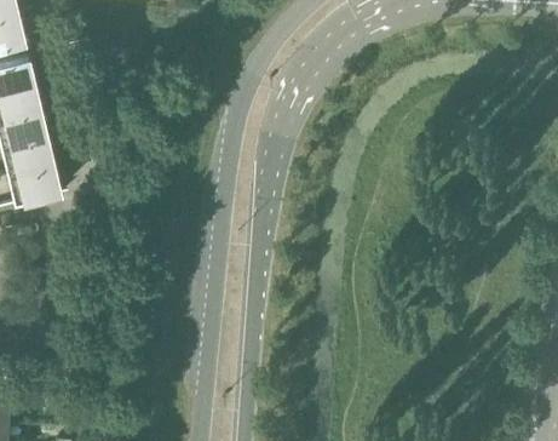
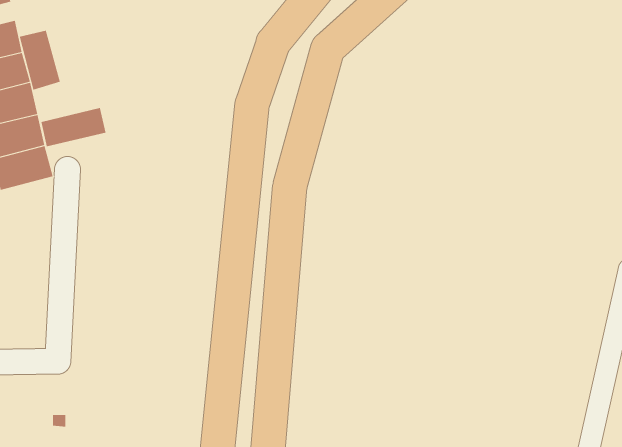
building: none -> [19,30,61,91]
building: none -> [41,107,106,147]

